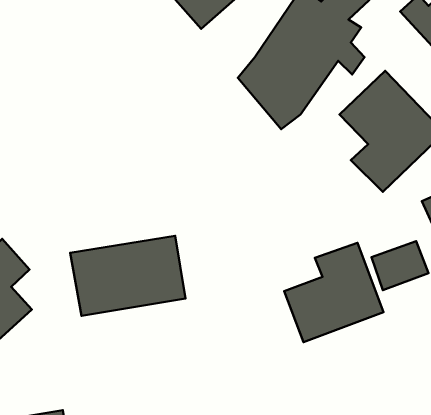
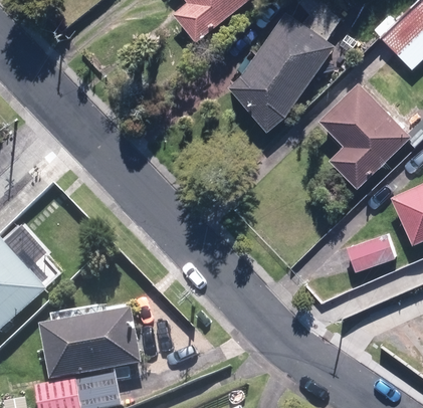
building: [70,236,185,316] -> [39,310,141,380]
building: [284,243,384,342] -> none

